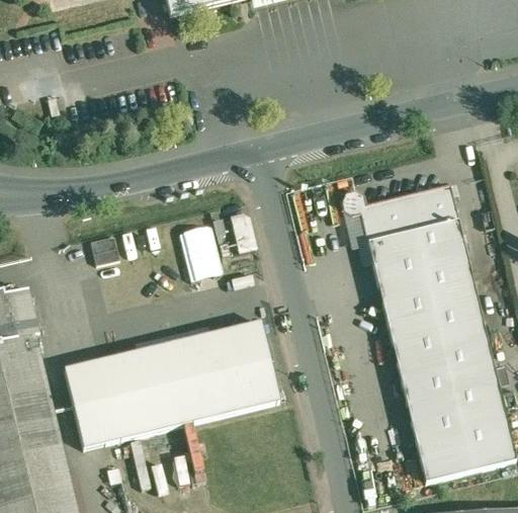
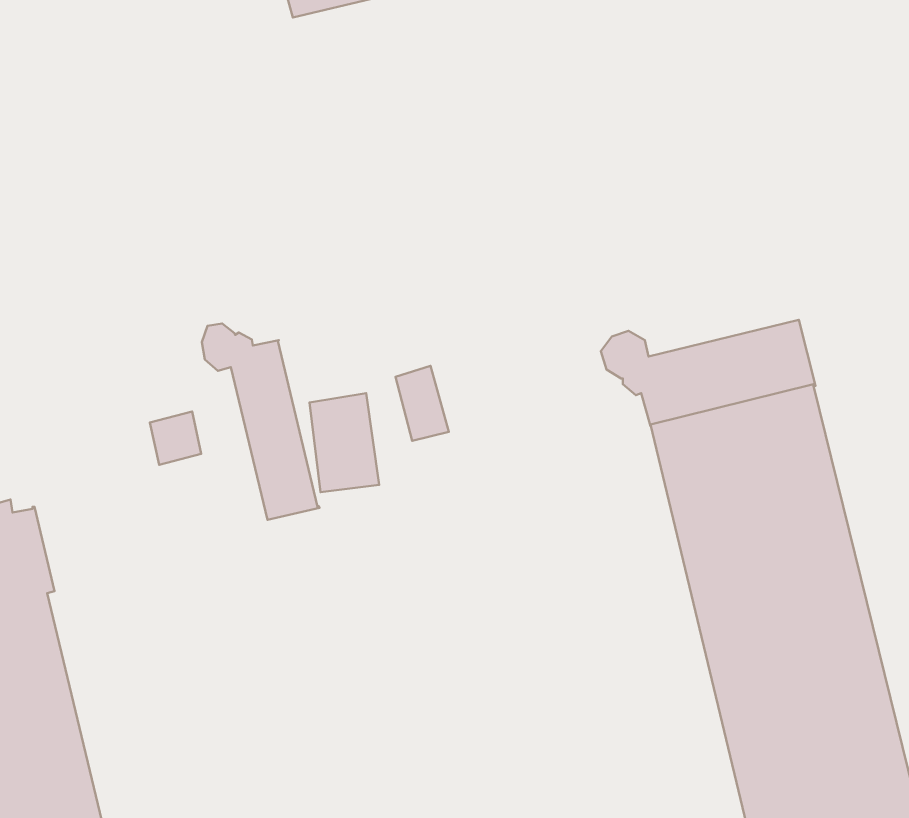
building: none -> [202,323,319,520]
building: [64,322,279,448] -> none

